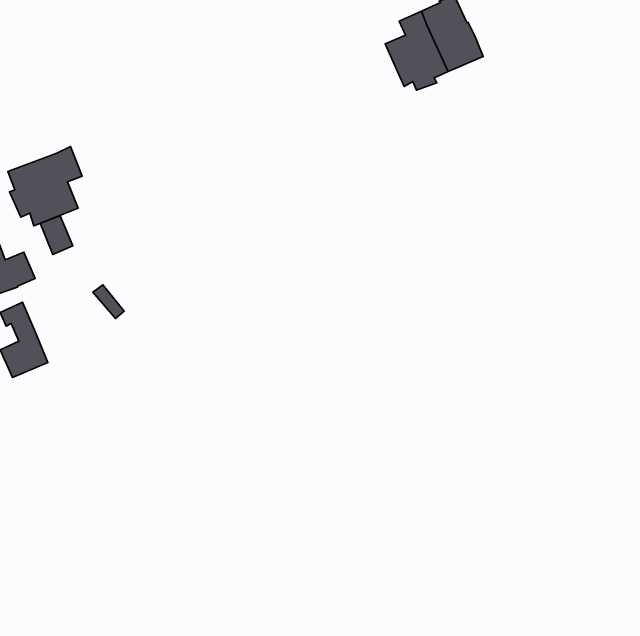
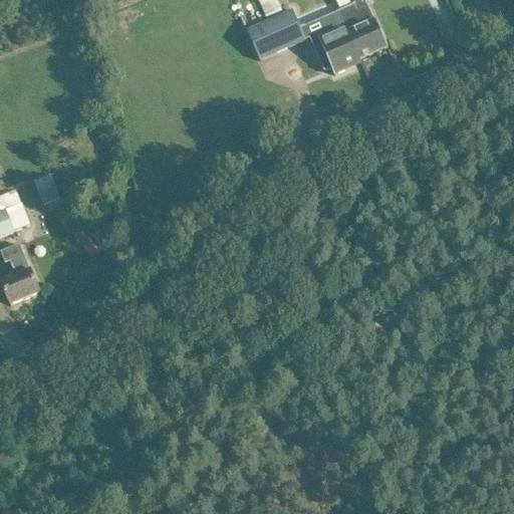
building: none -> [246,8,305,58]
building: [8,147,82,226] -> none

